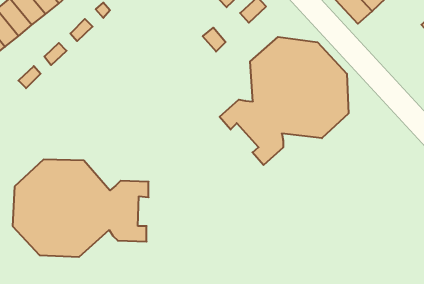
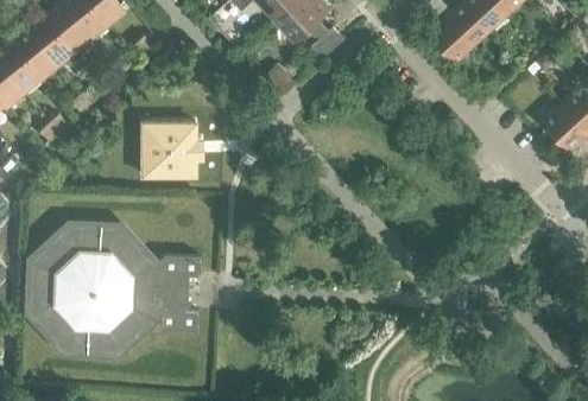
building: [220,37,348,165] -> none
building: none -> [140,122,195,177]

